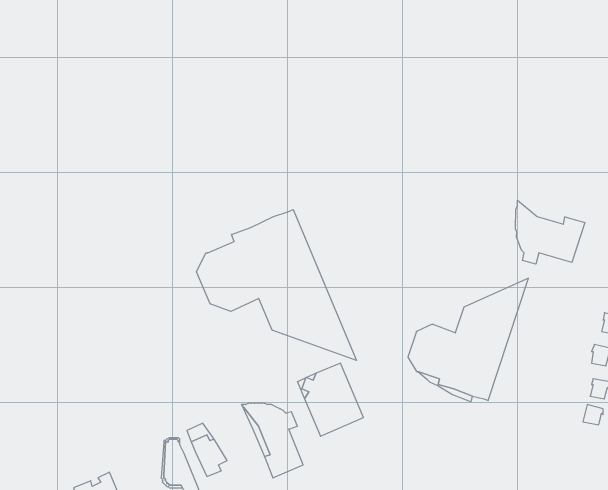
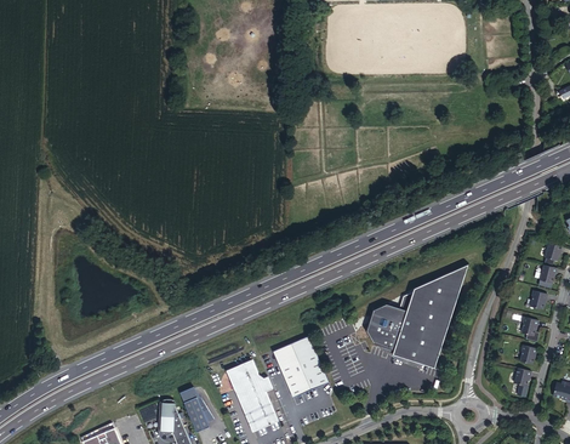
building: [515,200,585,264] -> none
building: [197,210,356,360] -> none

